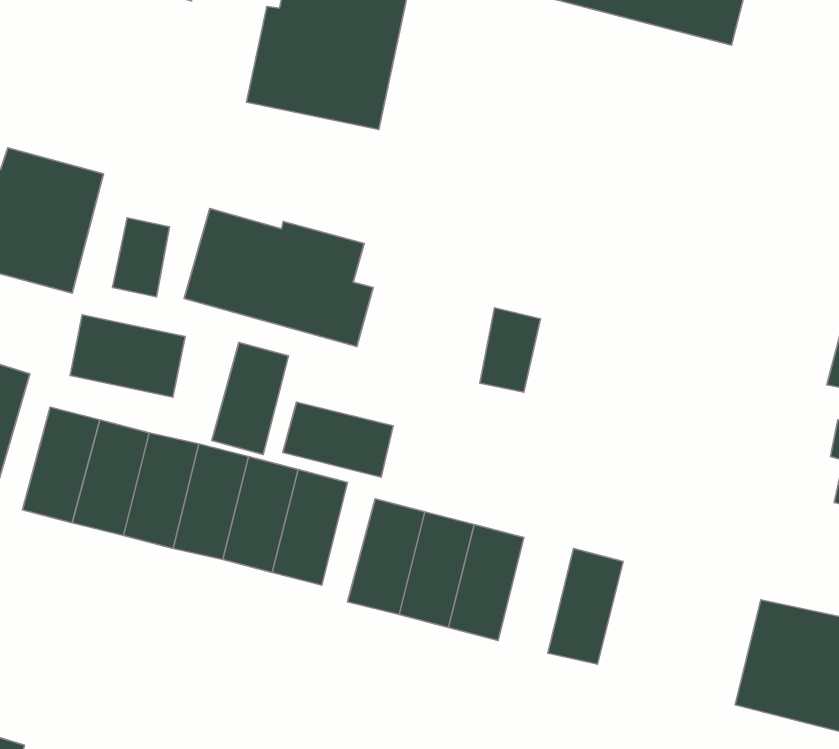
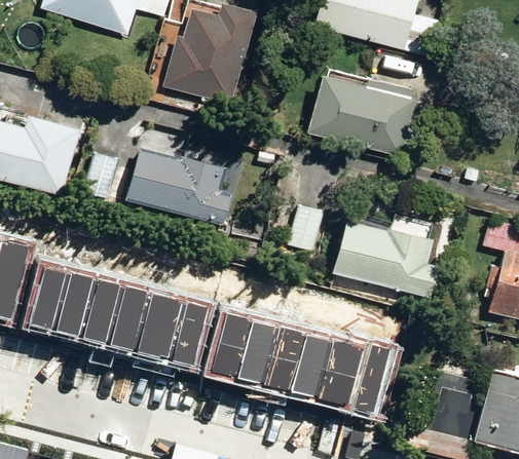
building: none -> [300,76,411,157]
building: [70,315,185,397] -> none
building: none -> [323,221,438,300]
building: [212,343,289,455] -> none
building: [283,402,393,477] -> none
building: none -> [299,333,341,397]
building: none -> [355,340,399,411]

